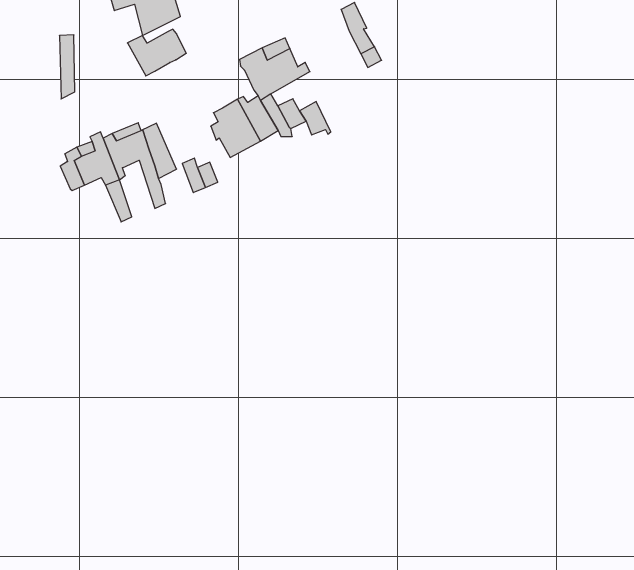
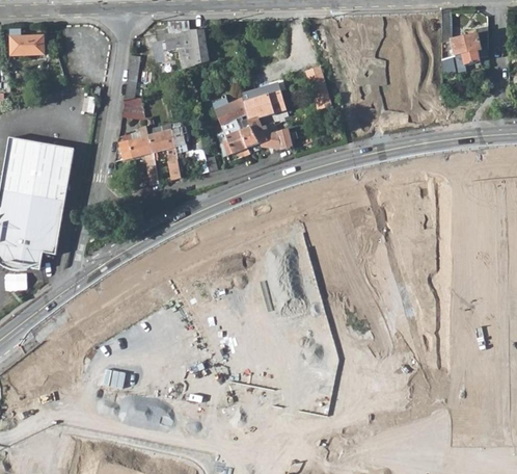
building: [127,29,186,76] -> [212,98,248,125]
building: none -> [121,97,145,122]

